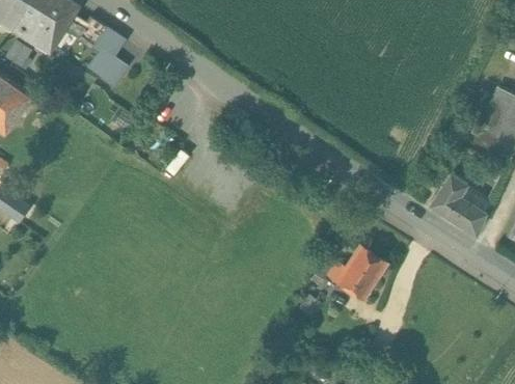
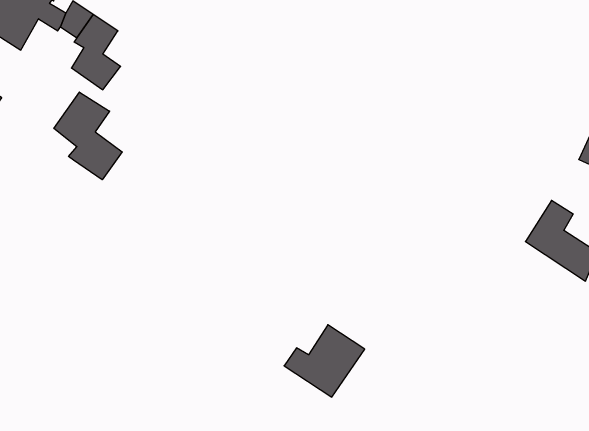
building: none -> [54,92,122,180]
building: [328,243,389,298] -> [284,325,365,397]

